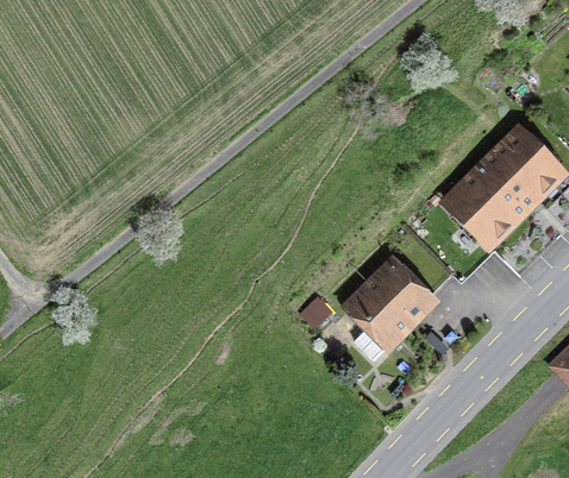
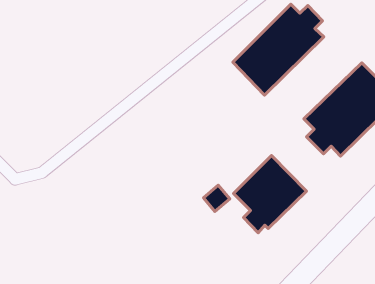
building: none -> [233,4,324,95]

